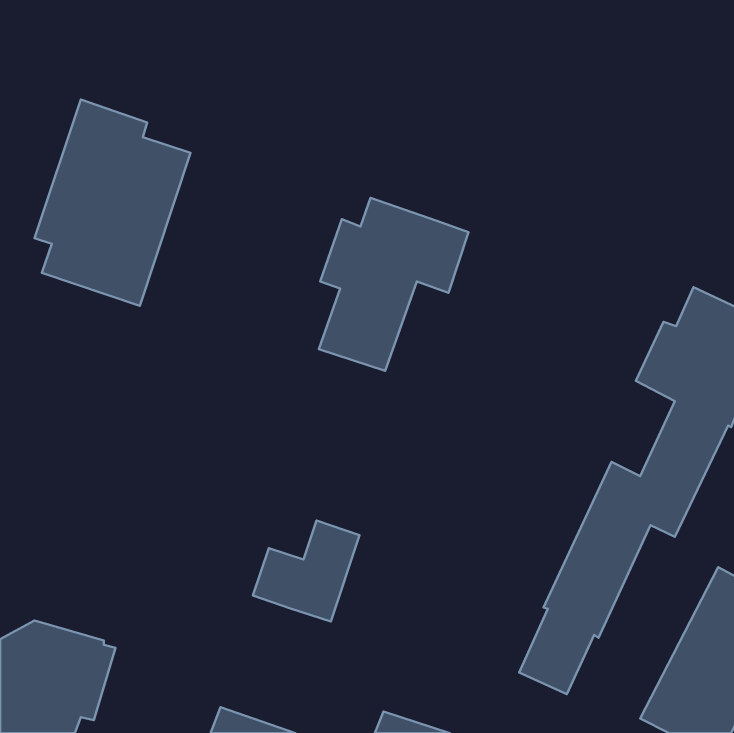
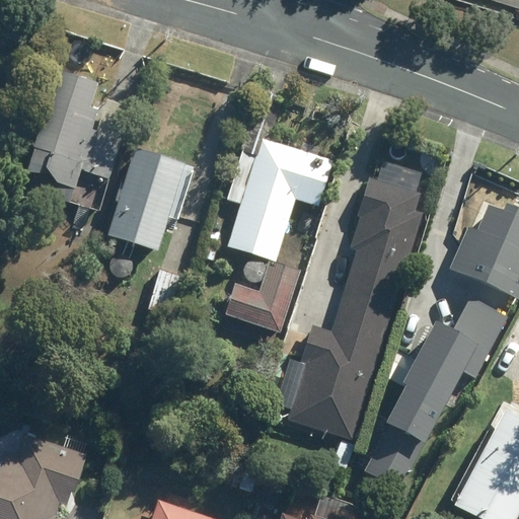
building: none -> [103,147,195,254]
building: none -> [283,181,424,438]
building: [253,521,360,622] -> [224,263,299,333]

